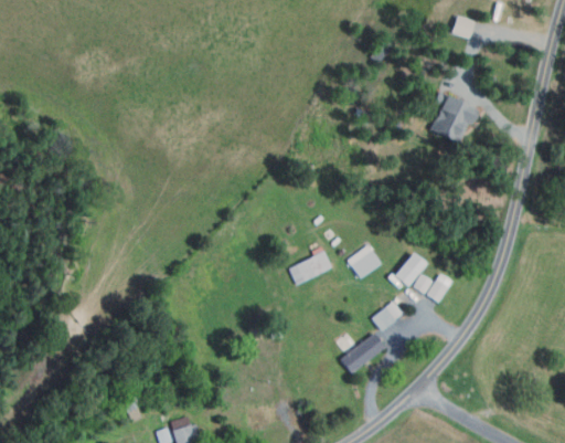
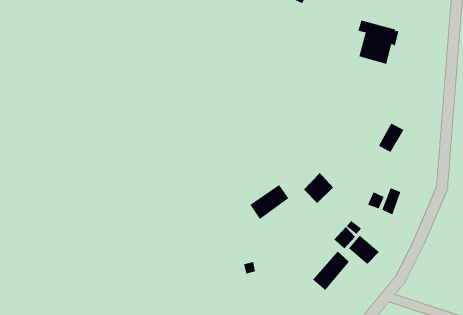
building: [396,253,427,285] -> [378,123,405,153]
building: none -> [348,235,380,265]

